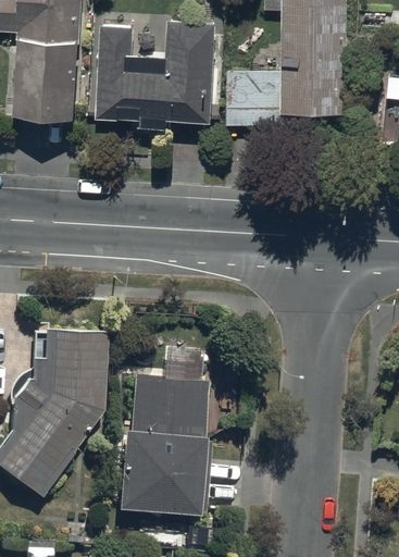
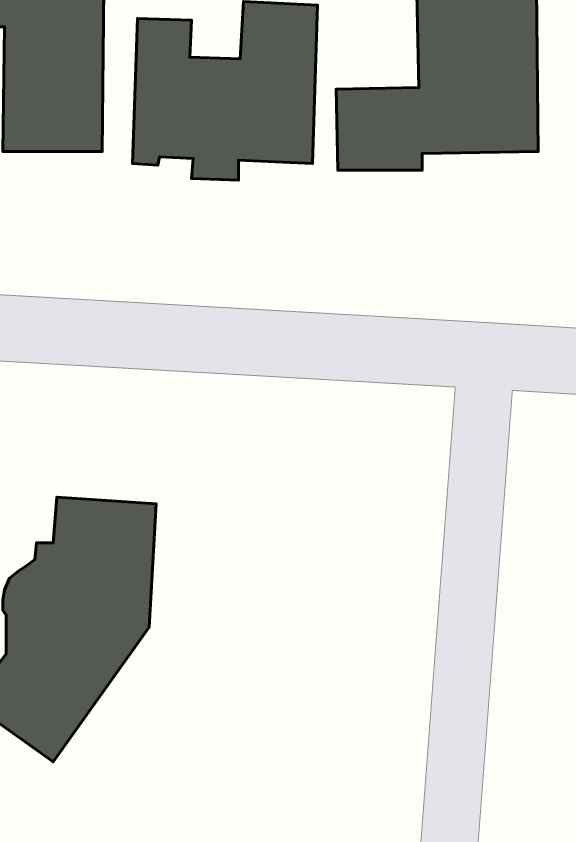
building: [121,379,210,518] -> none

